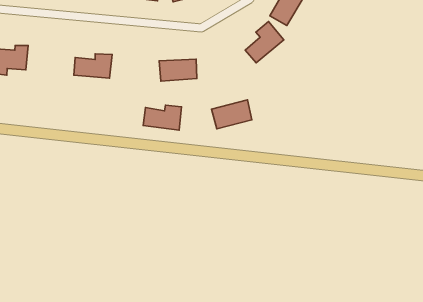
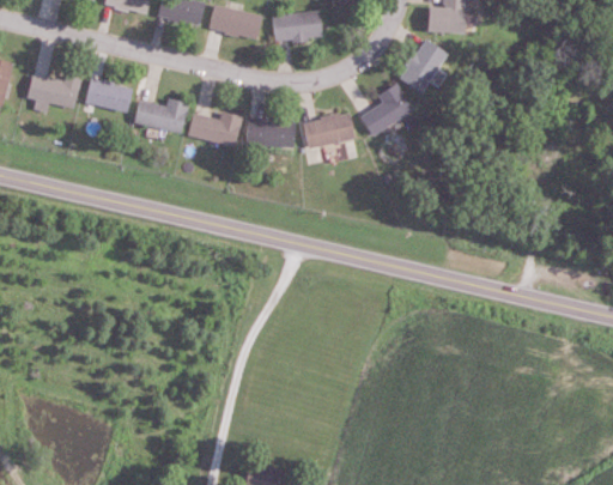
building: none -> [86,79,132,113]
building: [211,100,252,129] -> [303,115,353,147]
building: [143,105,182,130] -> [189,113,242,147]

